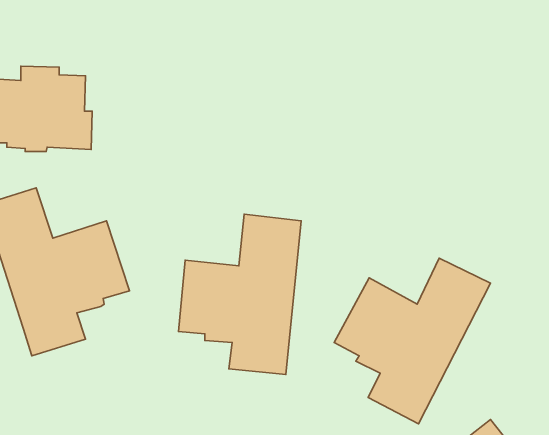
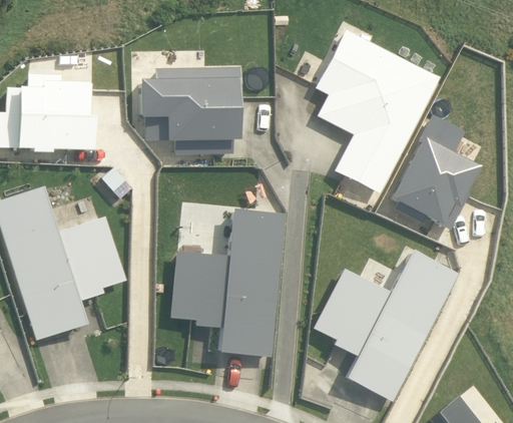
building: none -> [317,30,439,193]
building: none -> [140,67,242,151]
building: none -> [389,114,479,225]

